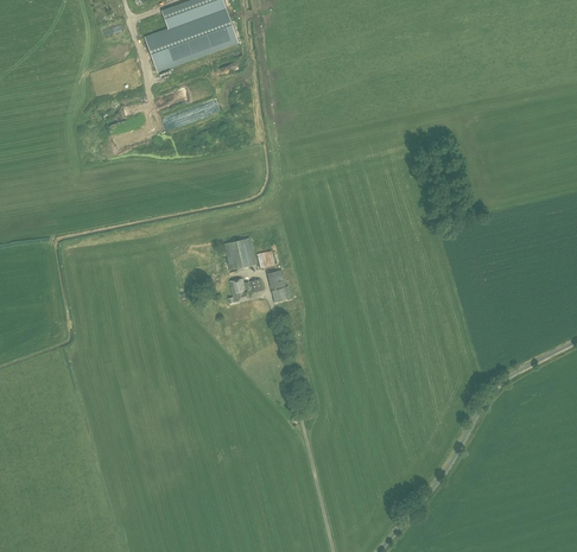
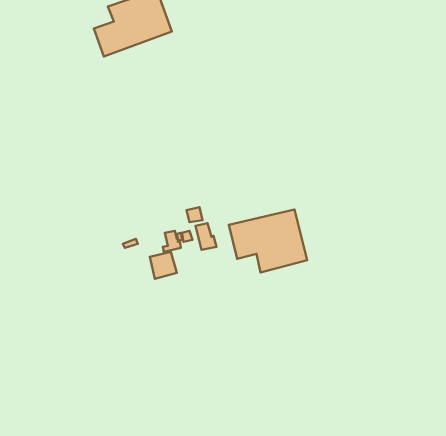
building: [223,237,255,269] -> [150,252,177,279]
building: none -> [229,209,307,272]

